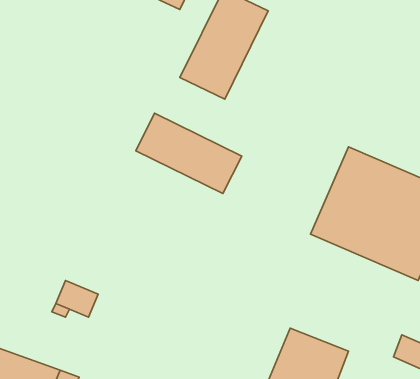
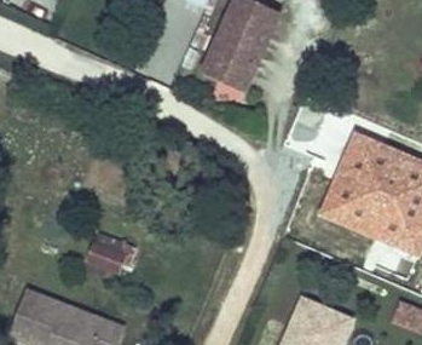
building: [136,113,242,194] -> none

